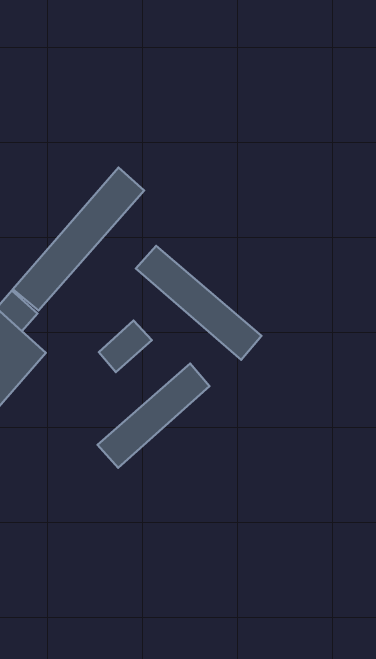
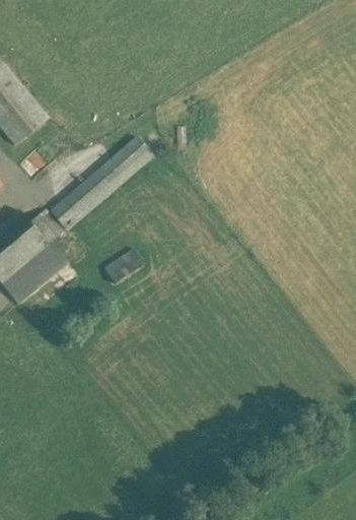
building: [136,246,261,360] -> none
building: [98,363,209,468] -> none

